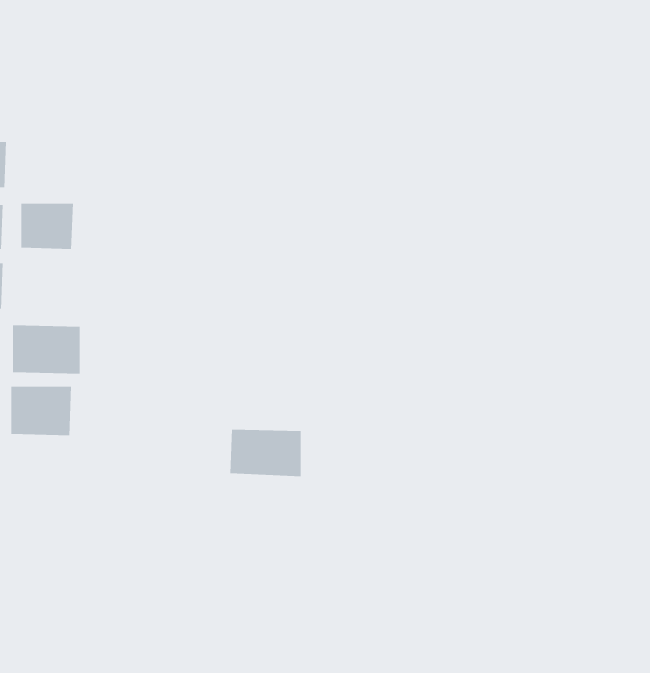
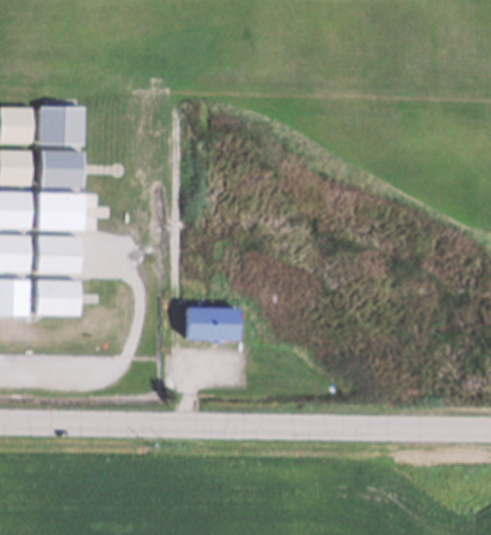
building: none -> [37,107,85,142]
building: none -> [37,194,85,228]

